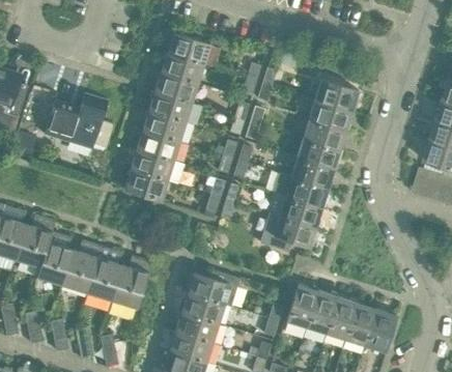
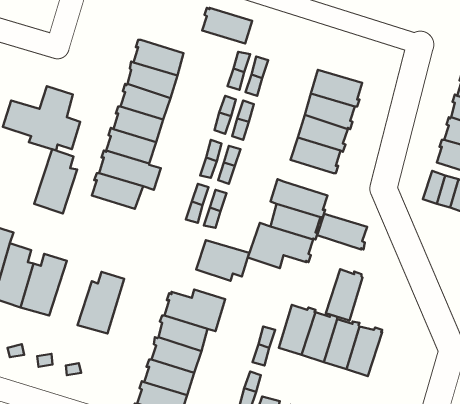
building: [167,33,210,64] -> [202,8,252,43]
building: [291,158,335,189] -> [317,214,367,249]
building: none -> [196,240,249,281]
building: [87,246,124,302] -> [34,149,77,213]
building: [365,308,397,352] -> [326,269,363,320]

